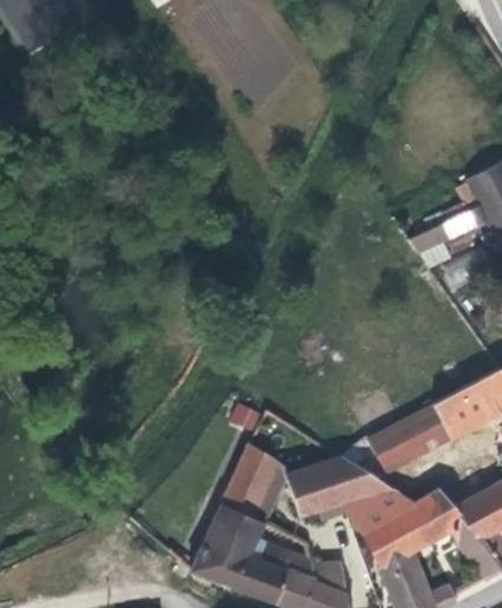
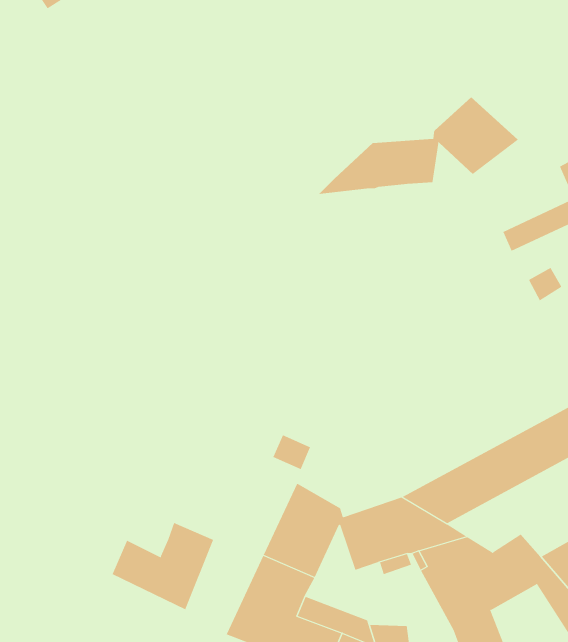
building: none -> [317,96,519,195]
building: none -> [112,522,214,610]

